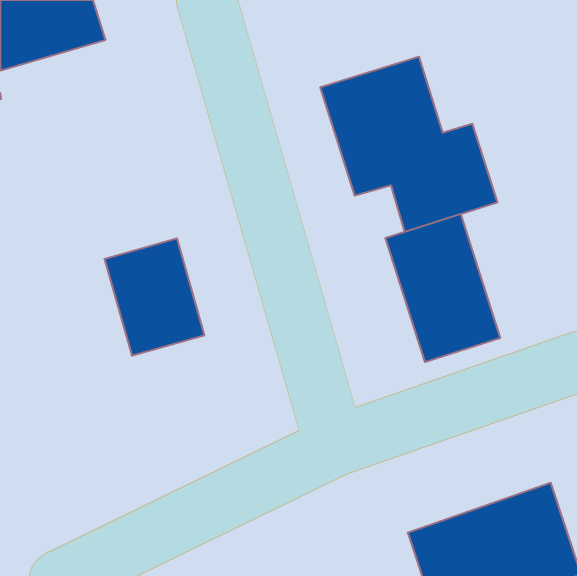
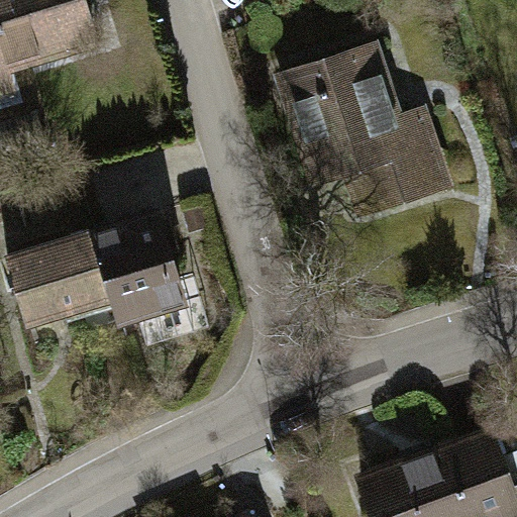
building: [386,214,500,362] -> none
building: none -> [9,234,120,328]

